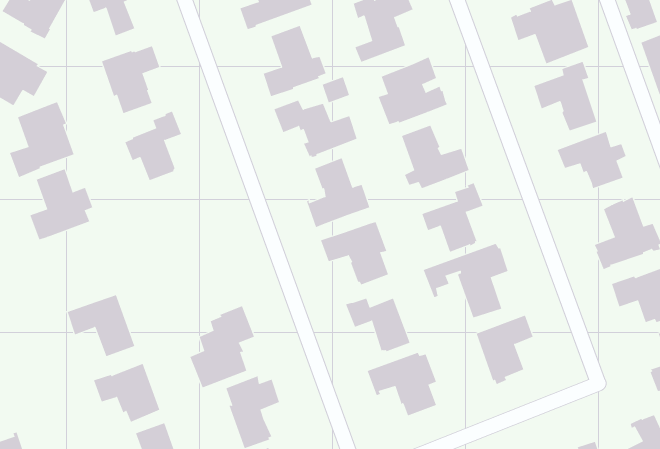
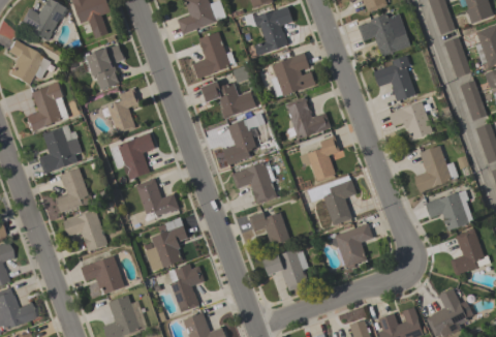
building: none -> [110,132,155,180]
building: none -> [55,167,94,213]
building: none -> [135,178,180,221]

